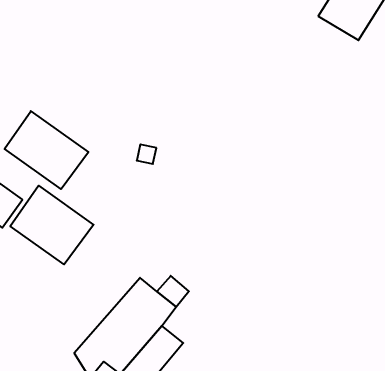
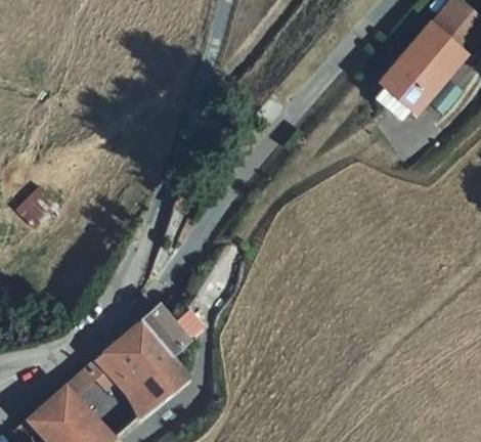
building: [5,111,88,189] -> none
building: [10,186,94,264] -> none

